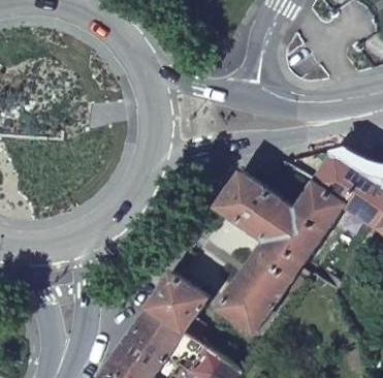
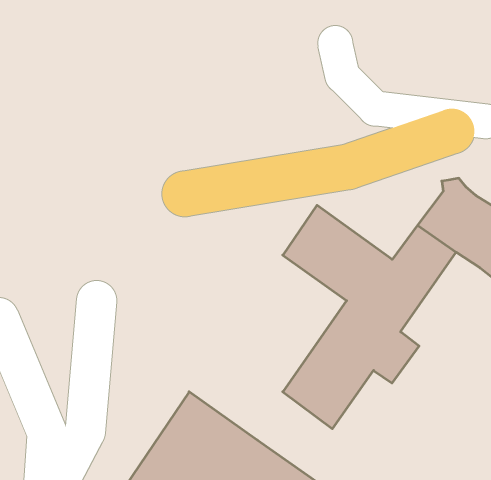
building: [146,271,206,340] -> none

